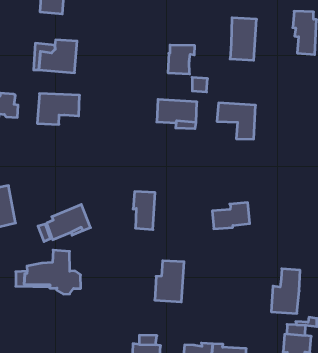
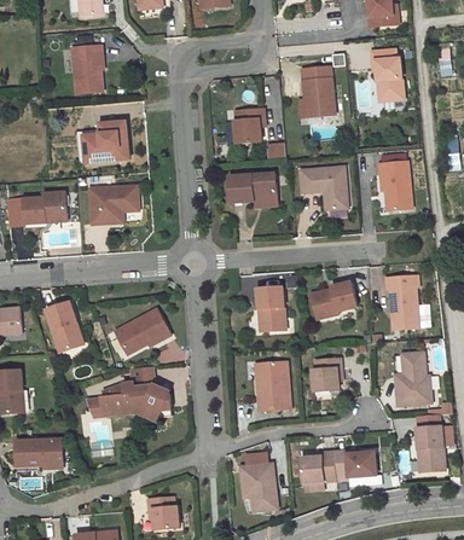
building: none -> [378,159,411,209]
building: [133,192,155,230] -> [256,285,284,330]
building: none -> [384,273,417,326]
building: none -> [312,358,341,390]

